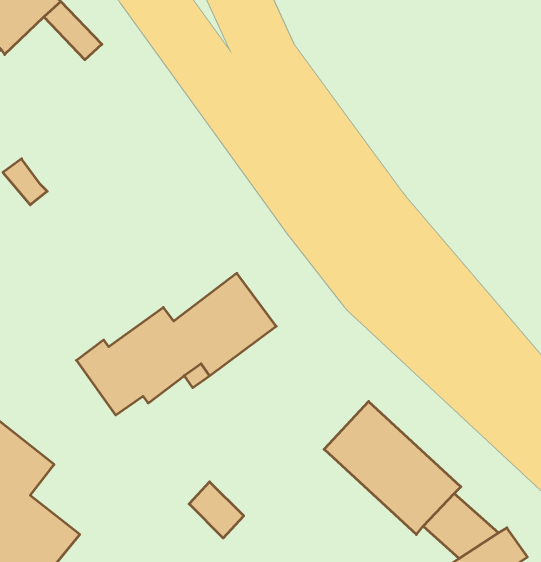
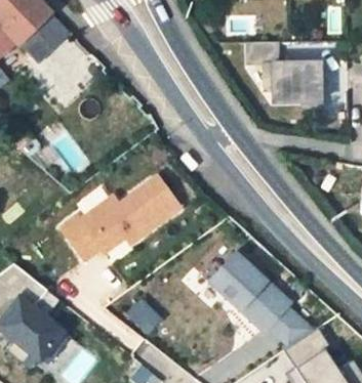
building: none -> [253,42,327,107]

